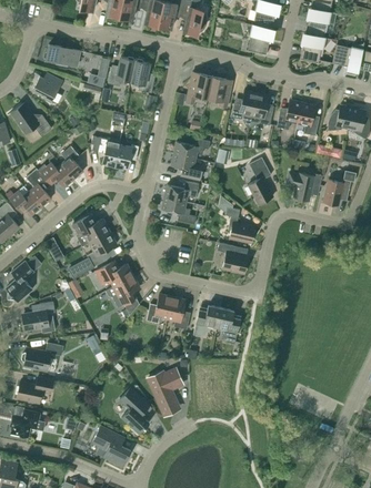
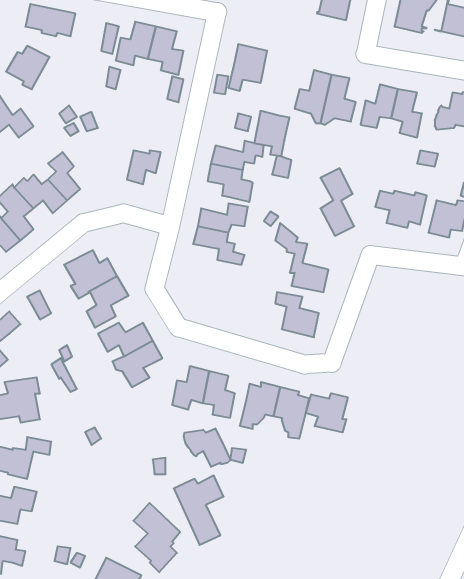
building: [208,77,232,108] -> [254,111,289,156]
building: [91,136,121,165] -> none
building: none -> [306,393,348,432]
building: none -> [184,428,230,467]

